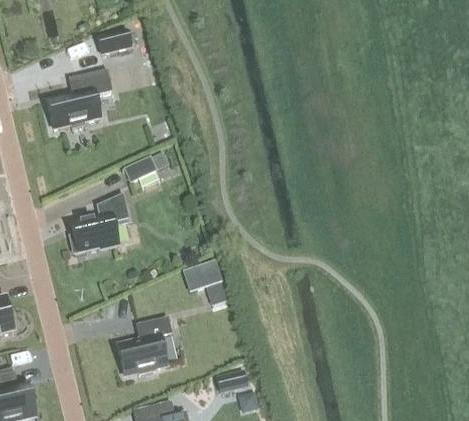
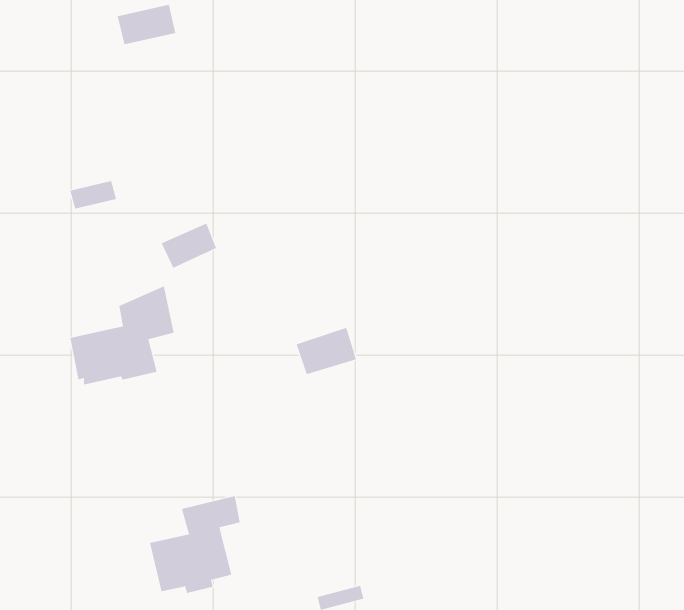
building: [46,69,112,129] -> none
building: [183,262,219,290] -> [296,327,357,375]

